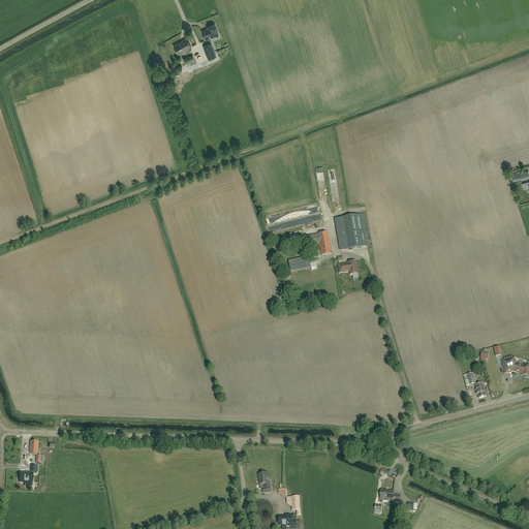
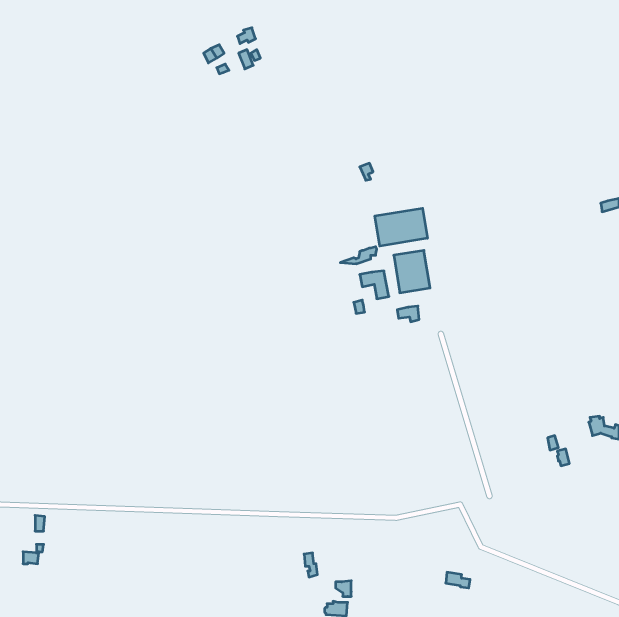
building: none -> [375,208,427,246]

